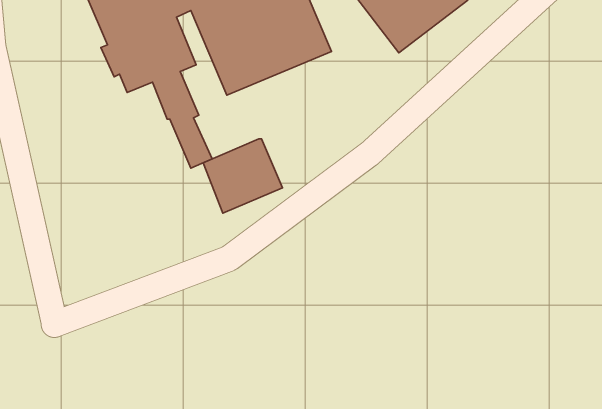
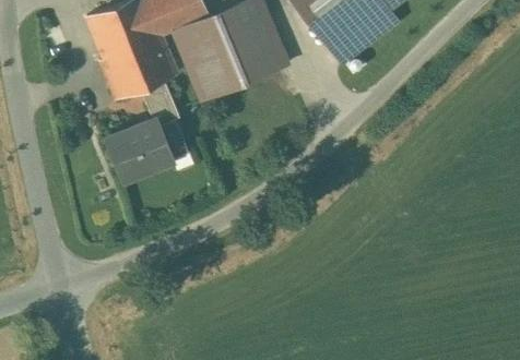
building: [203,139,283,213] -> [107,120,173,181]

